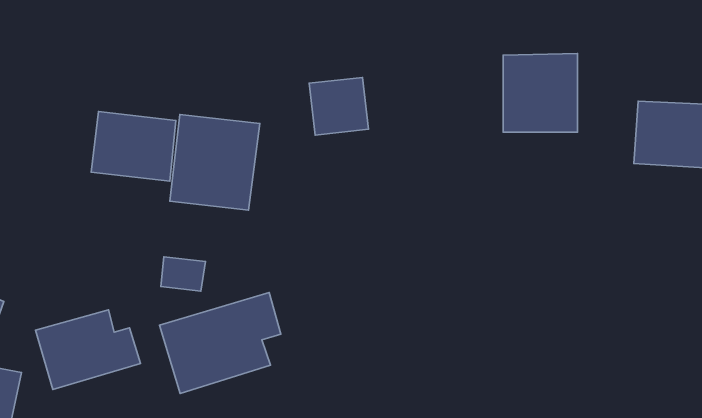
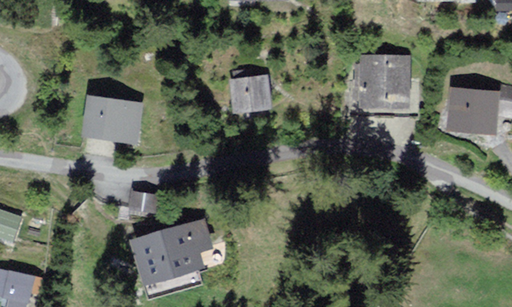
building: [170,114,260,210] -> none
building: [36,310,141,390] -> none

